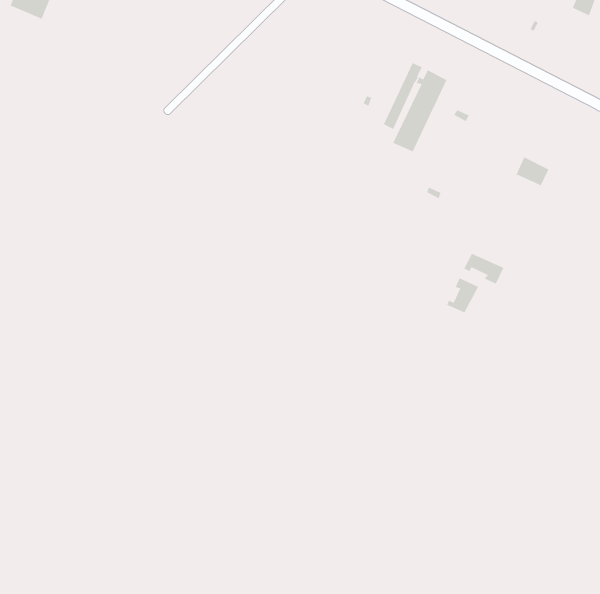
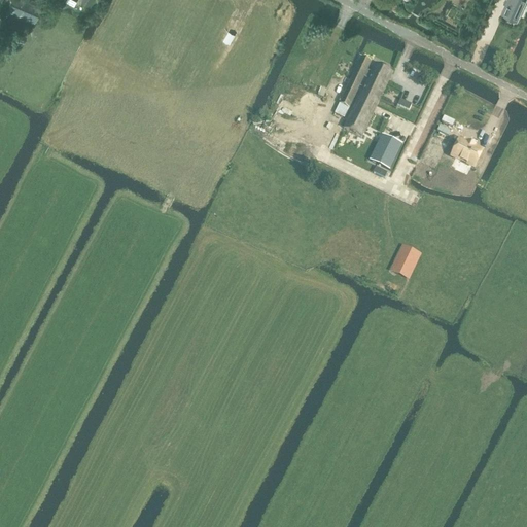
building: none -> [370,131,402,167]
building: [463,253,504,285] -> none

